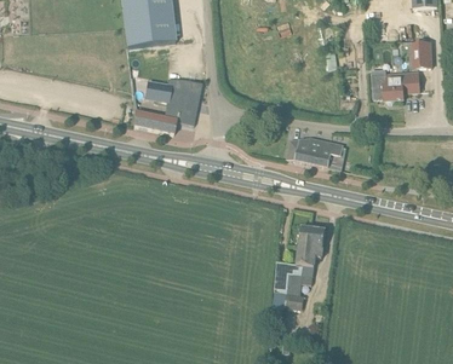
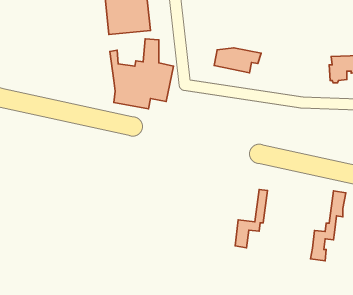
building: [287,137,342,166] -> [214,48,261,73]
building: [285,226,326,307] -> [310,191,346,261]

